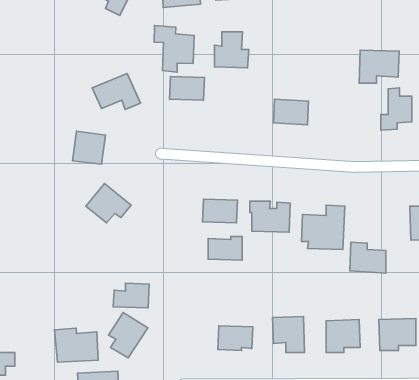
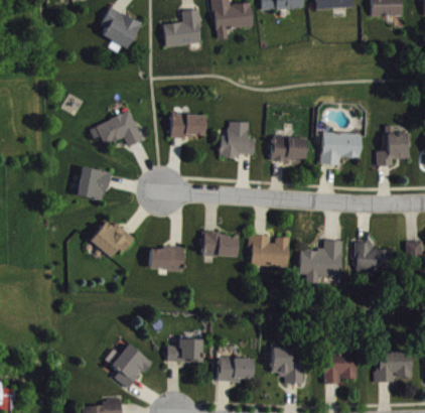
building: [154,26,194,72] -> none
building: [215,32,249,68] -> [221,122,254,157]
building: [359,50,399,83] -> [321,132,361,164]
building: [208,236,242,260] -> [149,247,182,270]
building: [350,242,386,273] -> [355,242,390,272]
building: [113,283,149,308] -> [166,338,201,363]
building: [55,328,98,362] -> none

